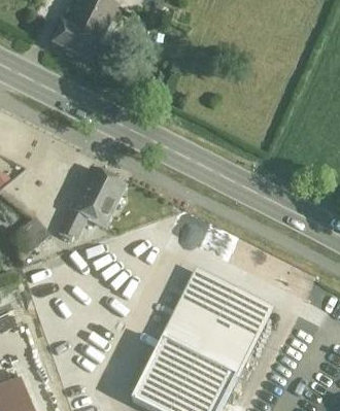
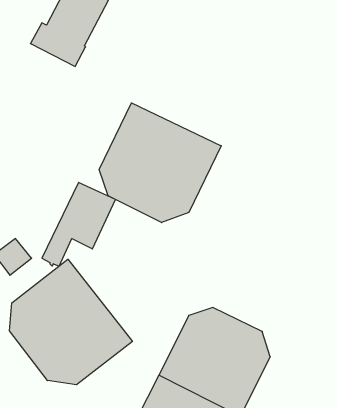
building: none -> [99,103,221,223]
building: none -> [9,259,132,385]

